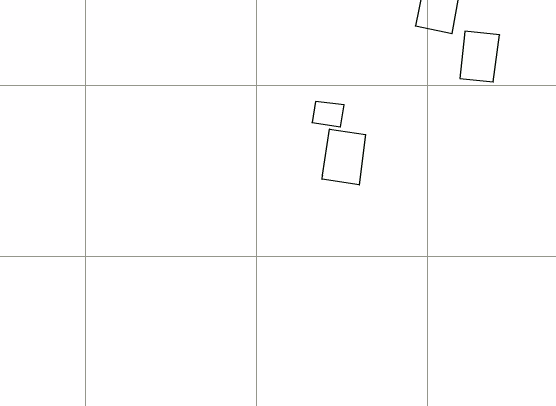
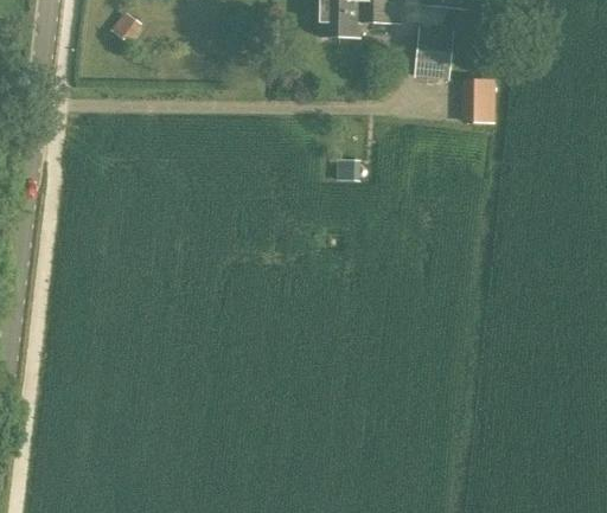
building: [322,129,366,185] -> none

